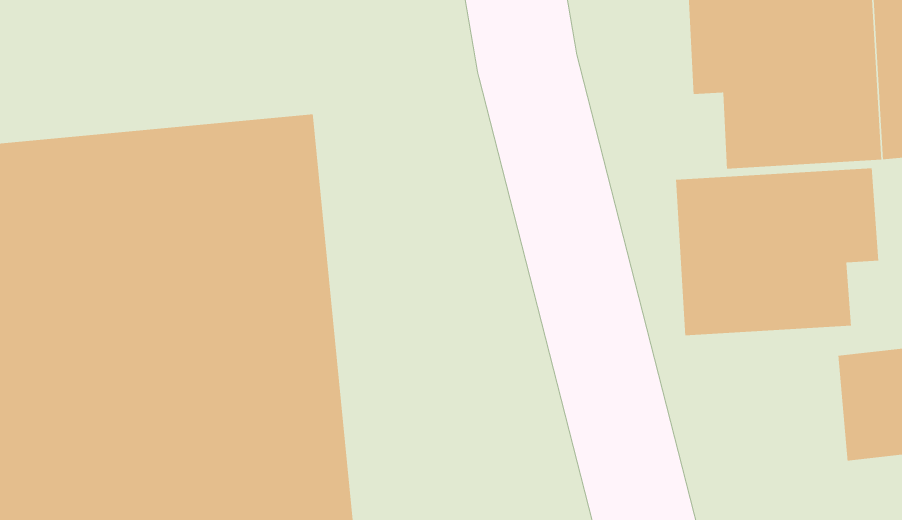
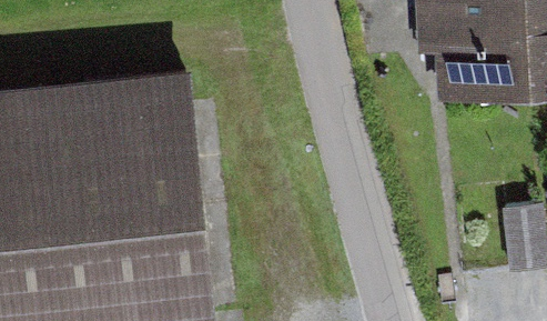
building: [675,167,879,336] -> none

